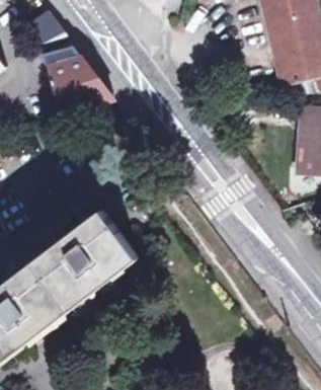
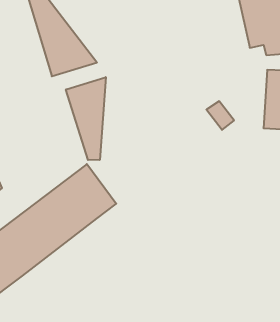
building: none -> [66,77,106,160]

